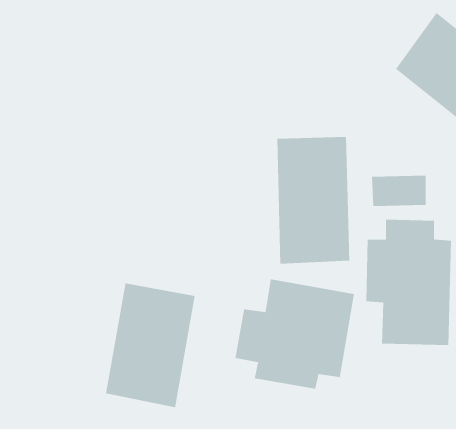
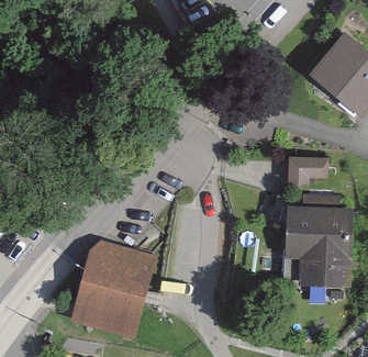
building: [277,136,350,265] -> none
building: [235,278,355,389] -> none

